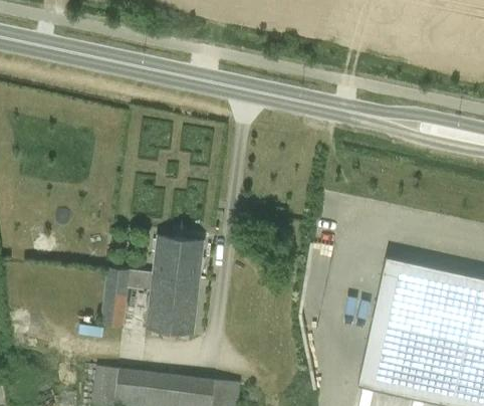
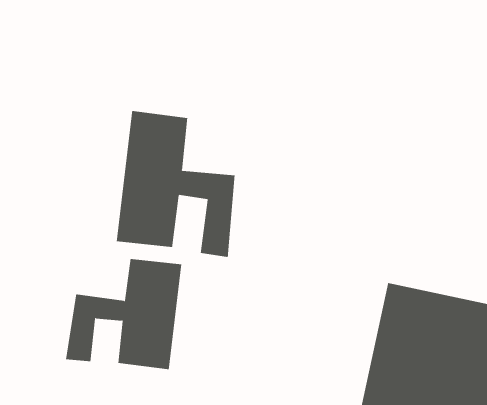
building: none -> [116,110,235,258]

